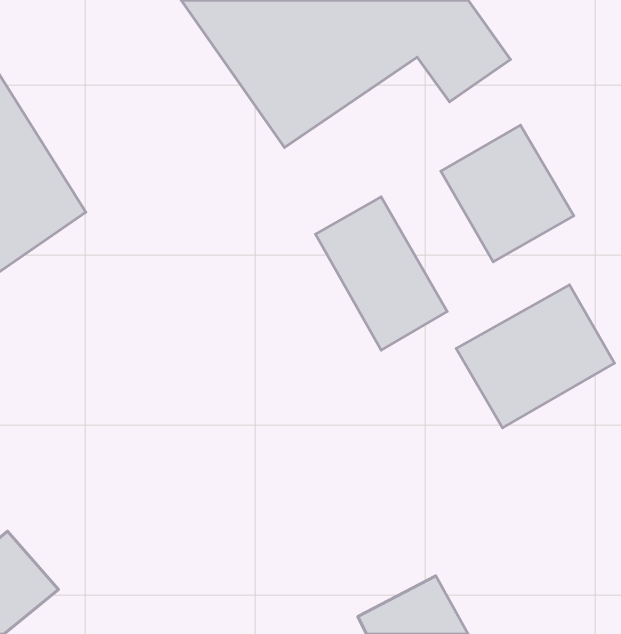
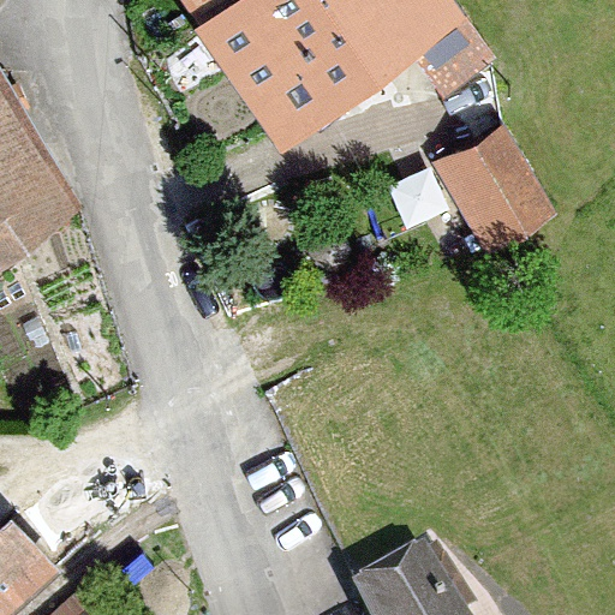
building: [315,197,447,350] -> none
building: [456,285,615,428] -> none

